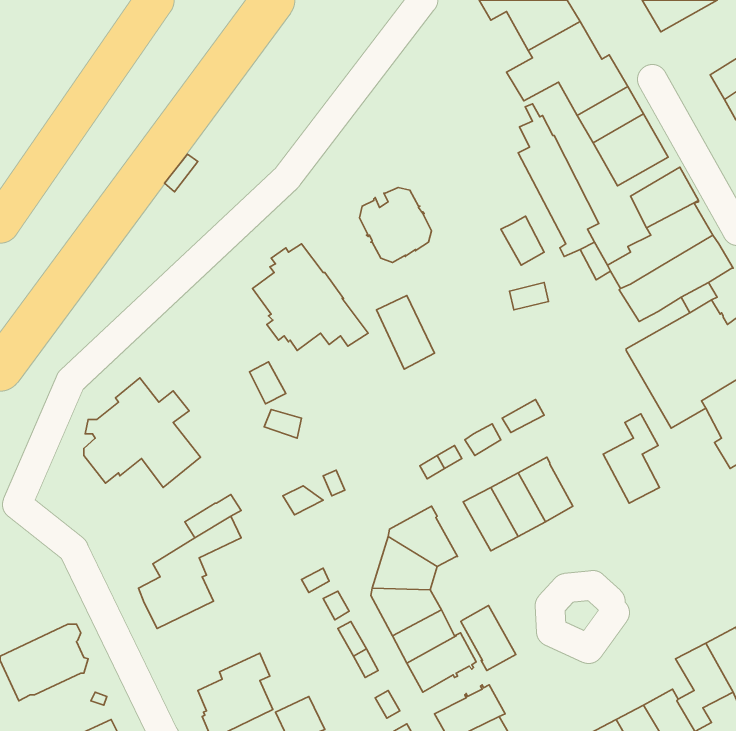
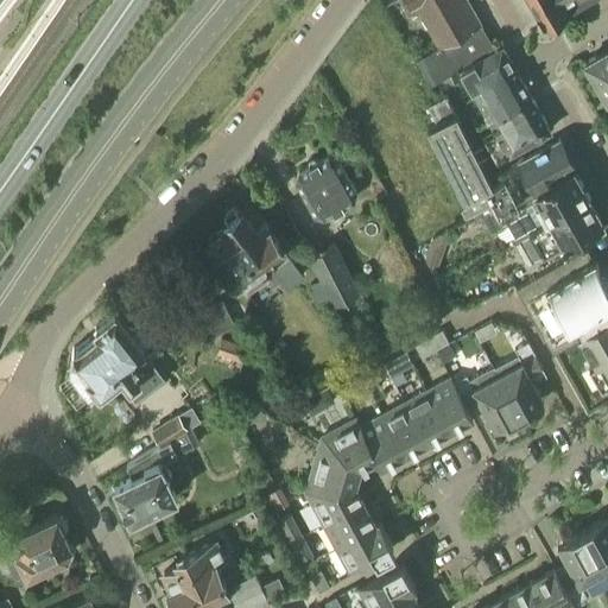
building: [501,216,544,265] -> [484,183,520,223]
building: none -> [454,379,519,432]
building: [461,606,516,671] -> [360,418,405,471]

